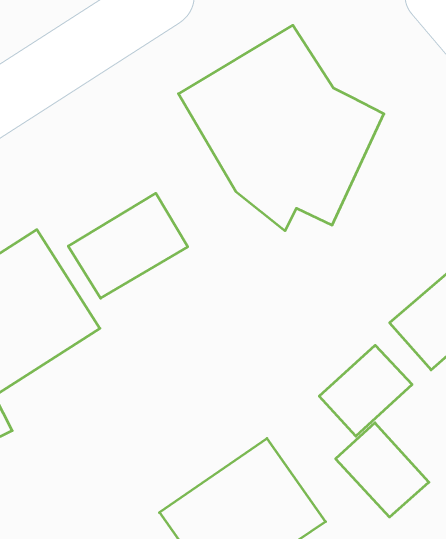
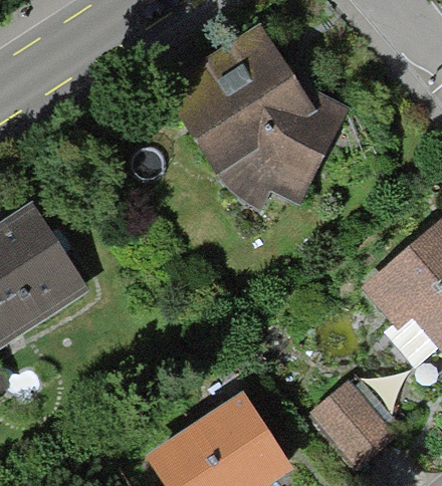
building: [68,193,188,298] -> none
building: [319,345,412,436] -> none

